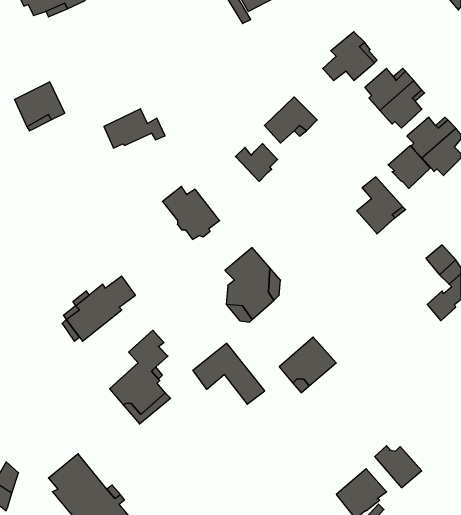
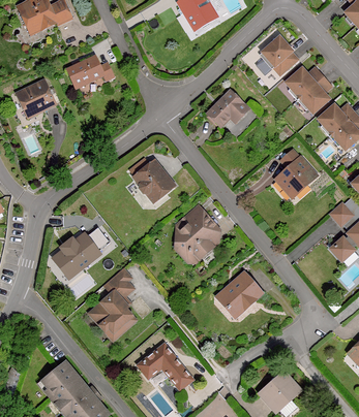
building: [104,109,165,148] -> [67,56,114,86]
building: [235,144,278,181] -> none
building: [388,146,430,188] -> none
building: [193,343,265,404] -> [139,344,193,390]
building: [375,446,422,488] -> none

